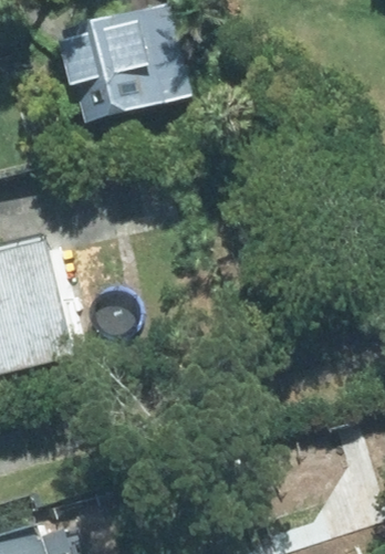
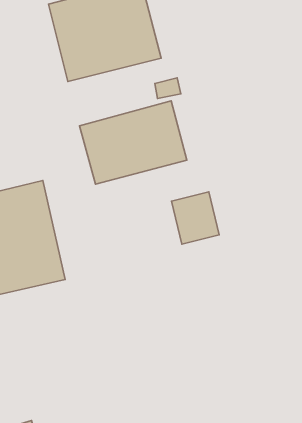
building: none -> [80,101,187,184]

